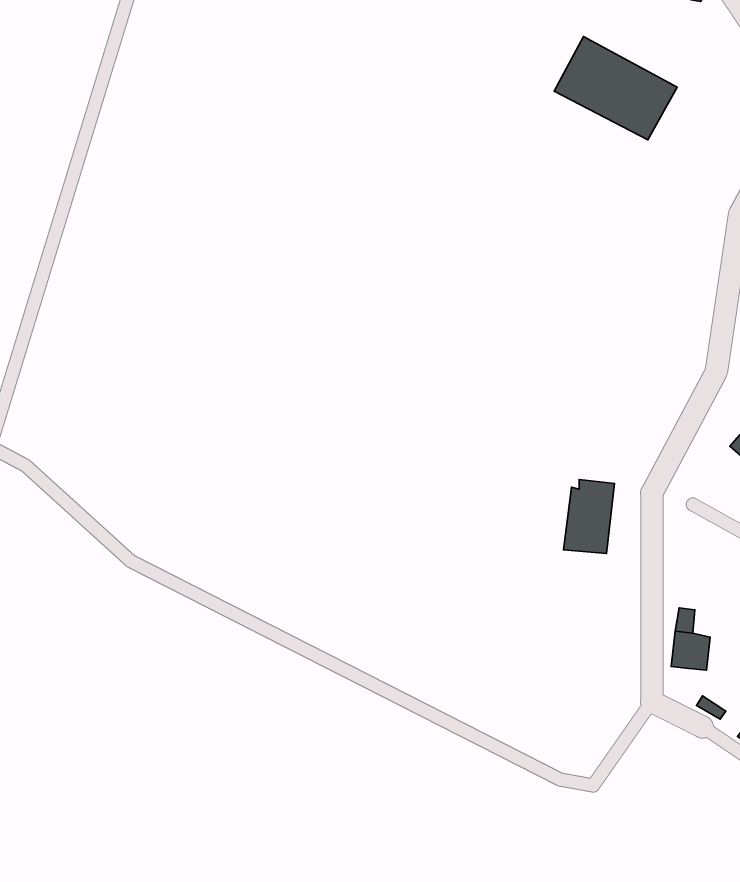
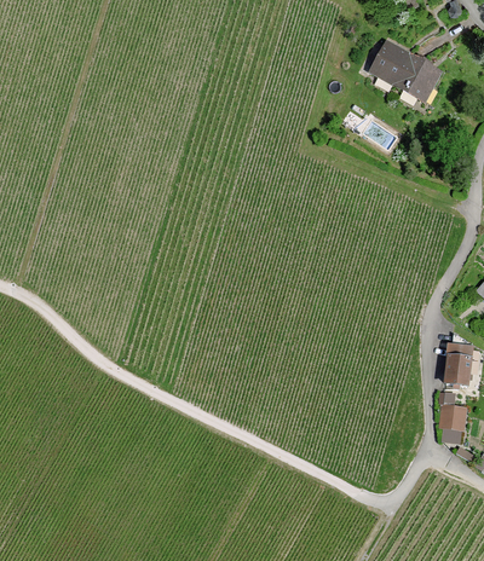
building: [564,479,614,554] -> [443,340,474,386]

